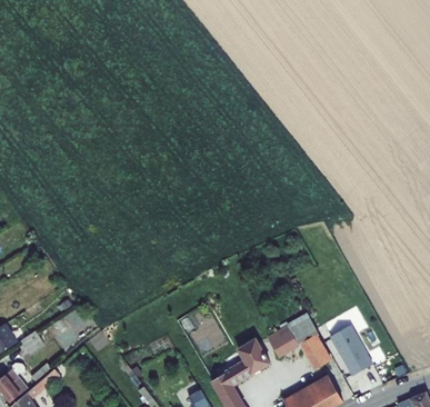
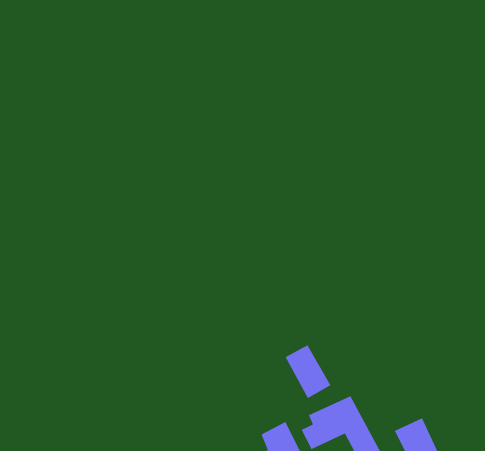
building: none -> [285,344,331,399]

